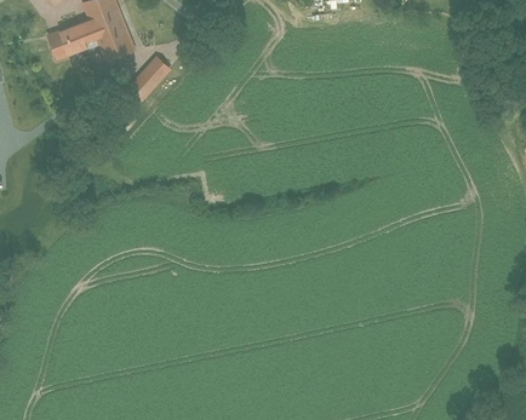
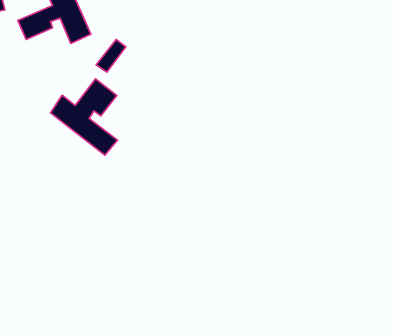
building: none -> [50,79,118,155]

